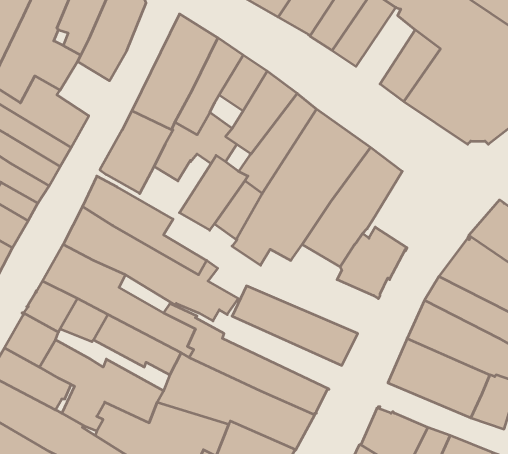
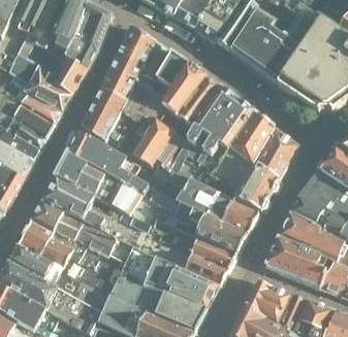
building: none -> [246,22,284,71]
building: none -> [52,57,86,92]
building: none -> [250,128,295,177]
building: none -> [175,178,258,233]
building: none -> [141,217,236,269]

